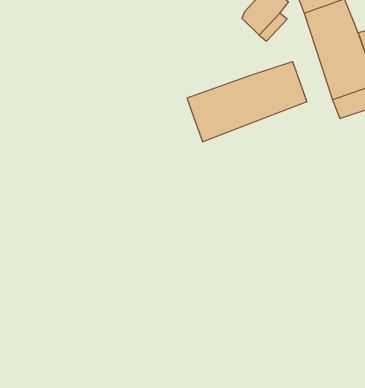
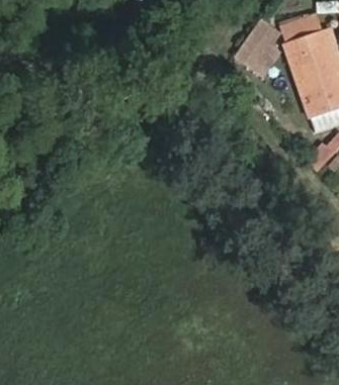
building: [187,62,307,142] -> none

